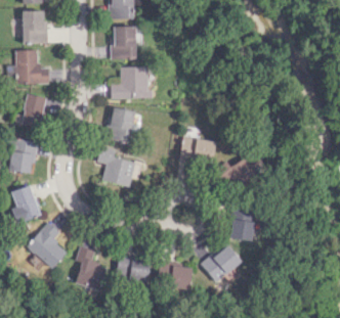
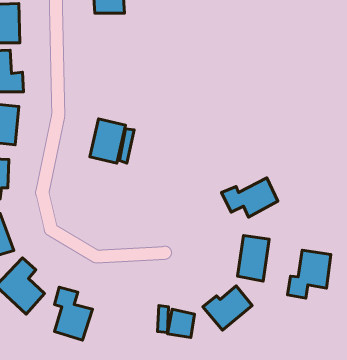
building: [111,26,136,59] -> none
building: [111,66,150,99] -> none
building: [179,136,215,166] -> none
building: [97,146,143,187] -> none
building: none -> [287,250,331,298]
building: [118,259,151,282] -> none

